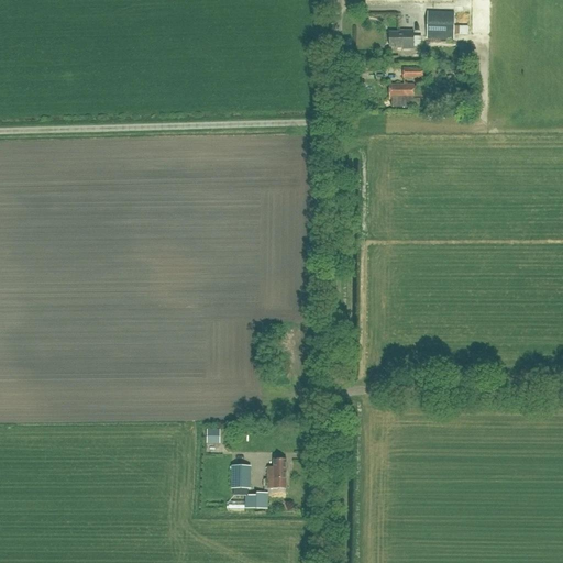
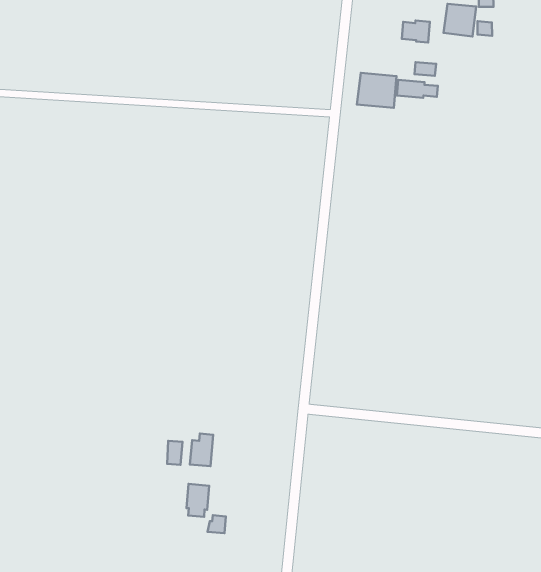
building: none -> [357,73,396,108]
building: [266,459,285,487] -> [190,434,213,466]

